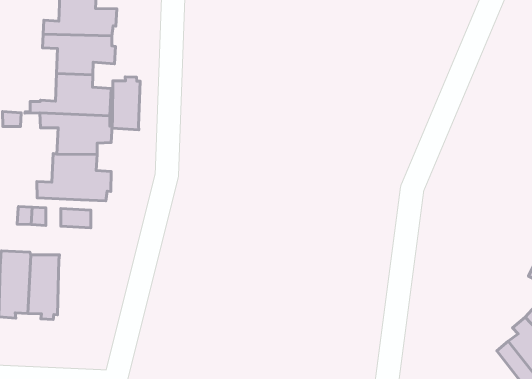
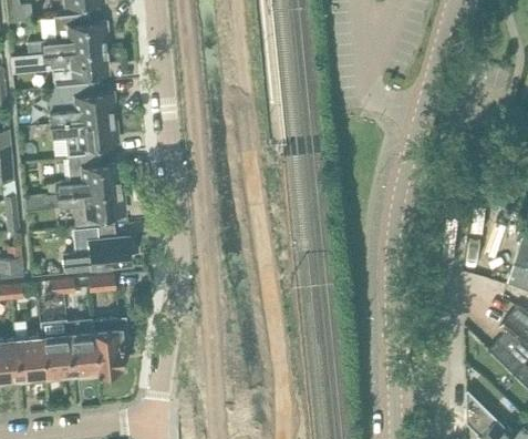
building: [112,77,140,130] -> none
building: none -> [91,319,125,375]

